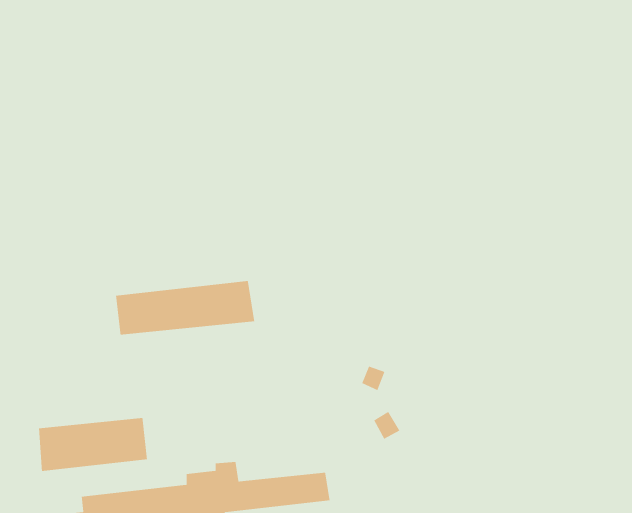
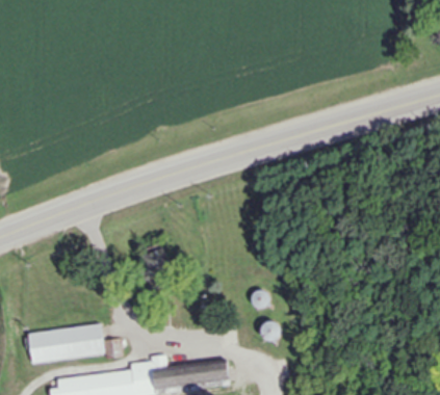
building: [115,280,255,336] -> none

